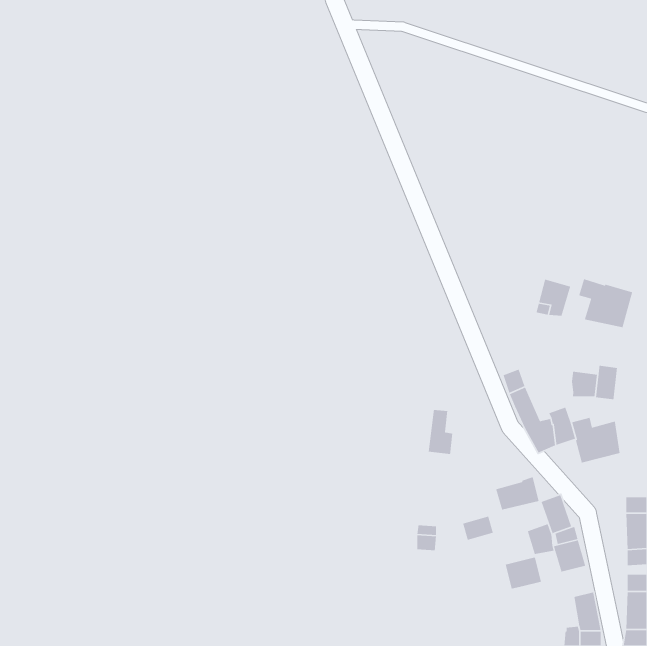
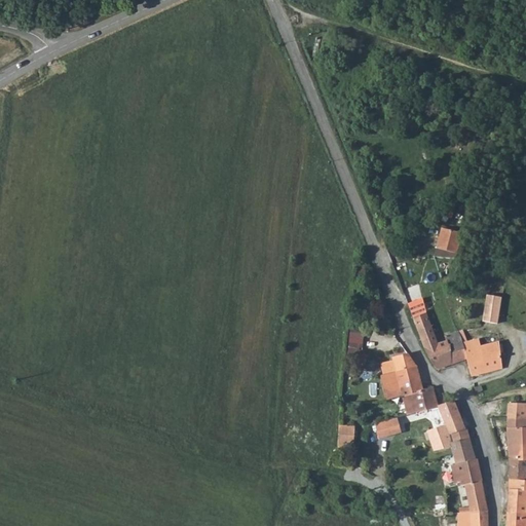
building: [578,278,633,328] -> none
building: [571,371,598,397] -> none
building: none -> [380,353,423,400]
building: [505,557,542,590] -> [452,459,482,486]

